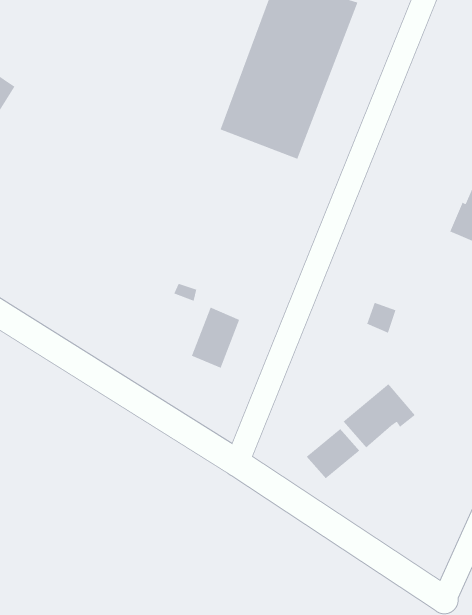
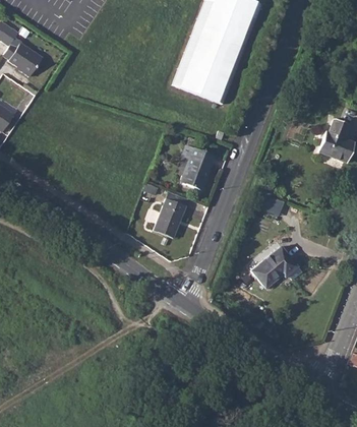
building: none -> [181,147,215,189]
building: [306,428,360,479] -> none

